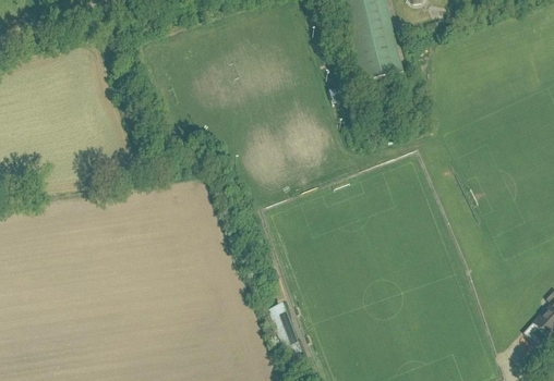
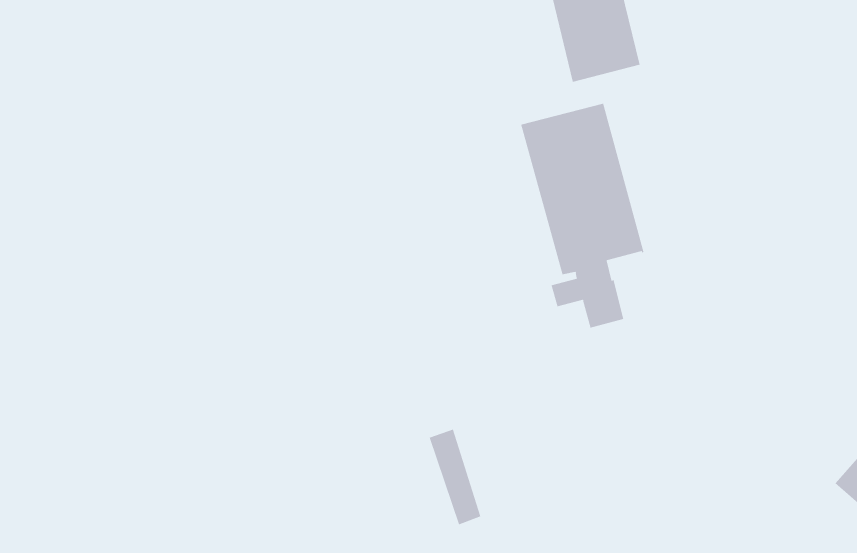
building: none -> [521,103,644,328]

